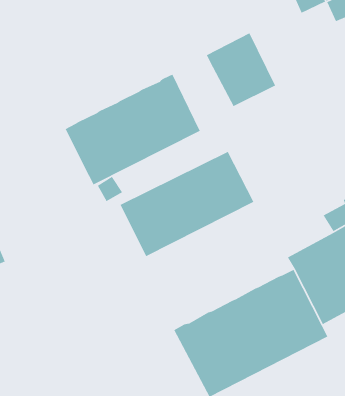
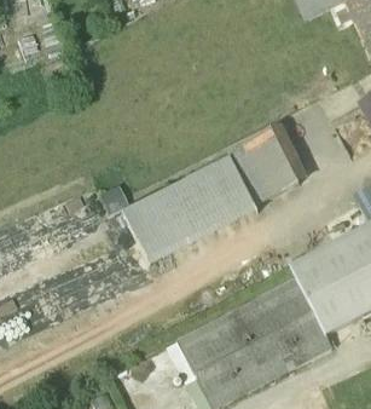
building: [206,32,276,107] -> [232,126,303,202]
building: [64,74,201,186] -> none

